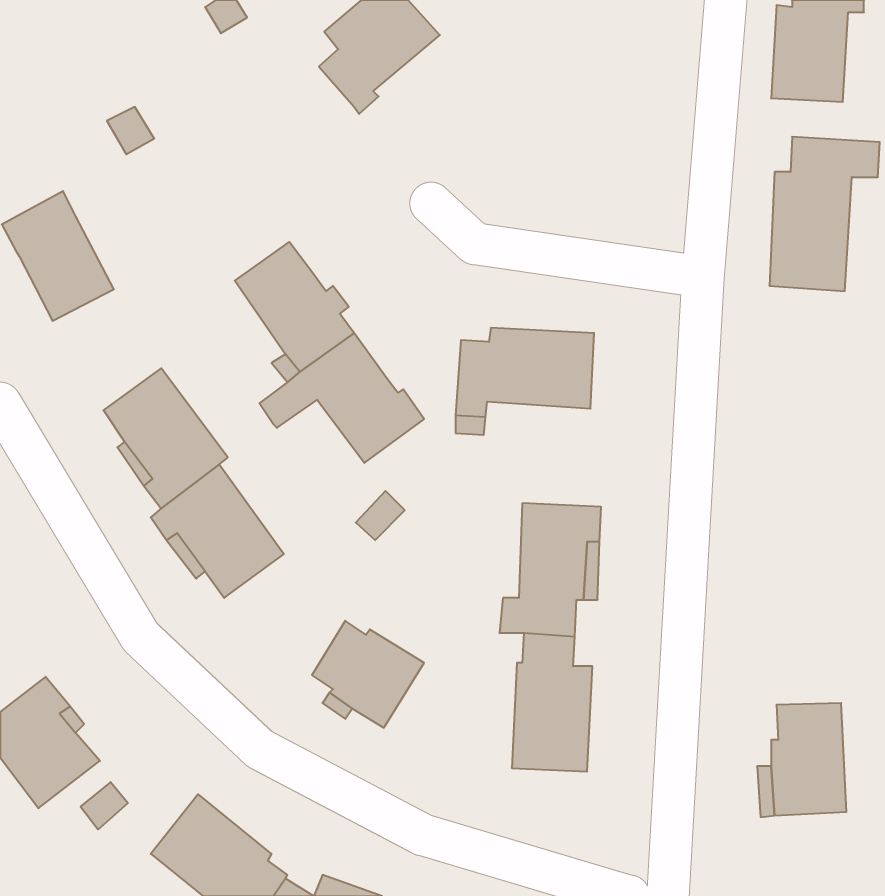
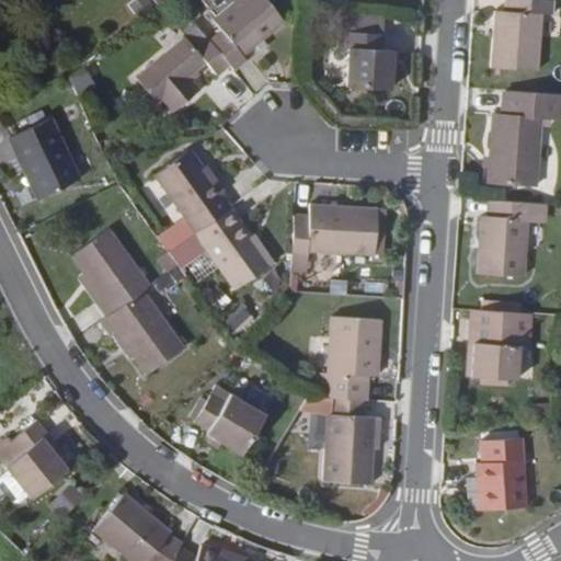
building: none -> [346,15,392,88]
building: none -> [133,37,228,114]
building: none -> [478,196,546,271]
building: none -> [471,306,533,375]

